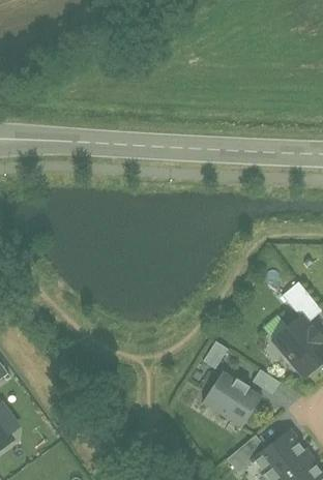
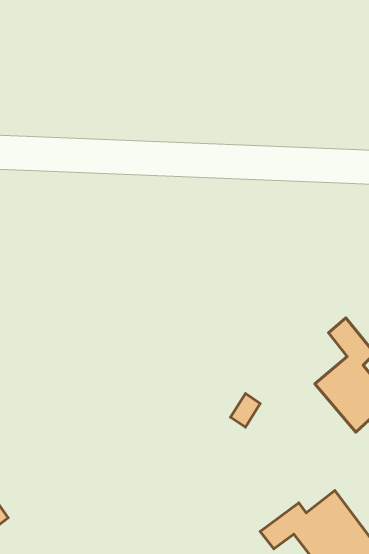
building: [203,366,282,422] -> none

